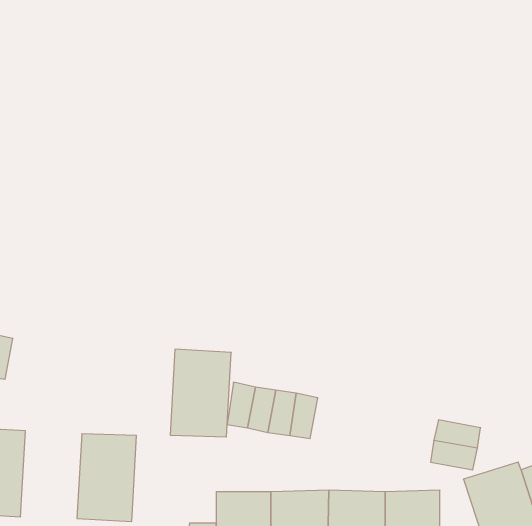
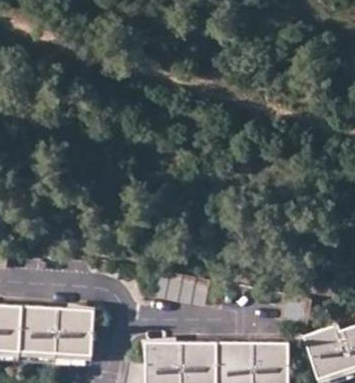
building: [170,349,231,437] -> [19,303,58,359]

